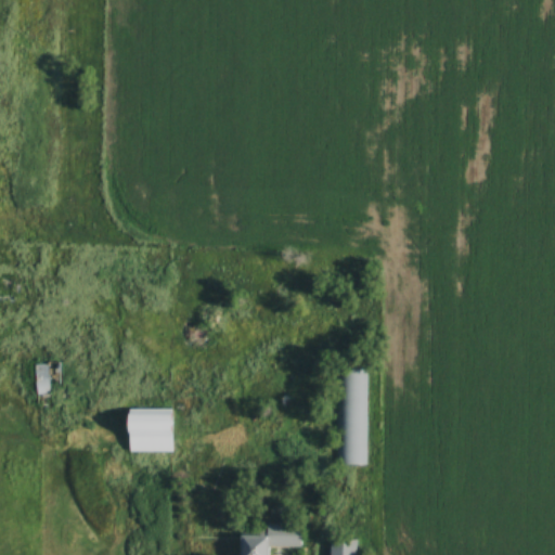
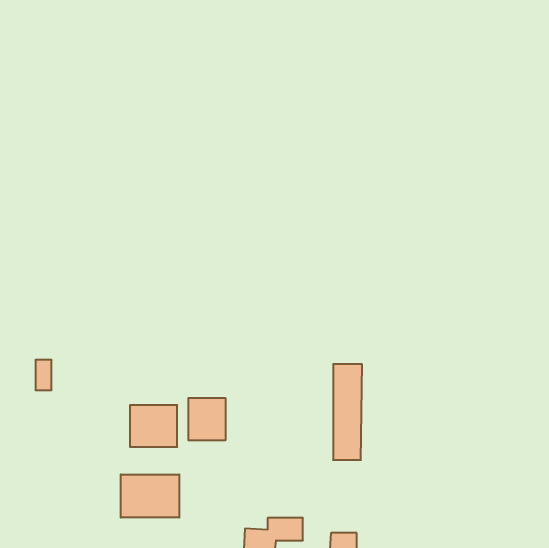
building: none -> [188,398,225,440]
building: none -> [121,474,179,518]

